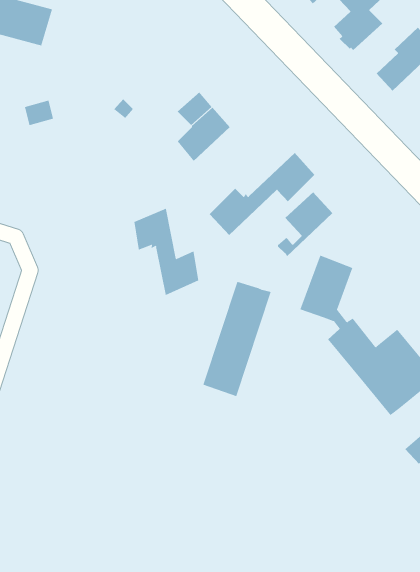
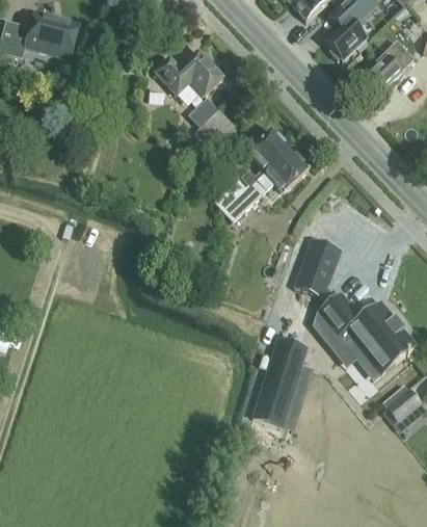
building: none -> [155,49,223,95]
building: [277,192,333,257] -> [242,130,291,187]
building: [134,208,199,296] -> none
building: [202,281,272,397] -> [248,337,309,438]

